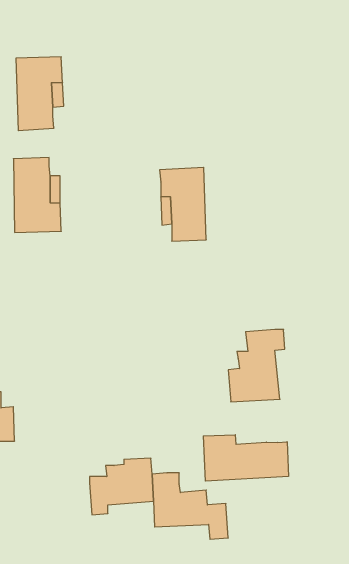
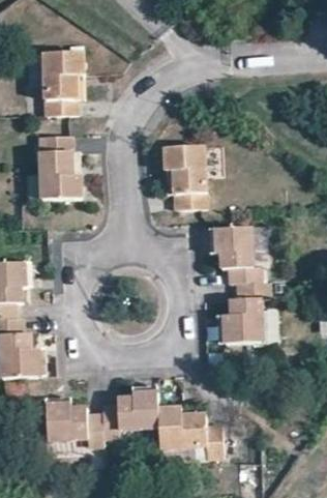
building: none -> [214,227,260,283]
building: [203,435,288,481] -> none
building: none -> [47,402,106,444]

